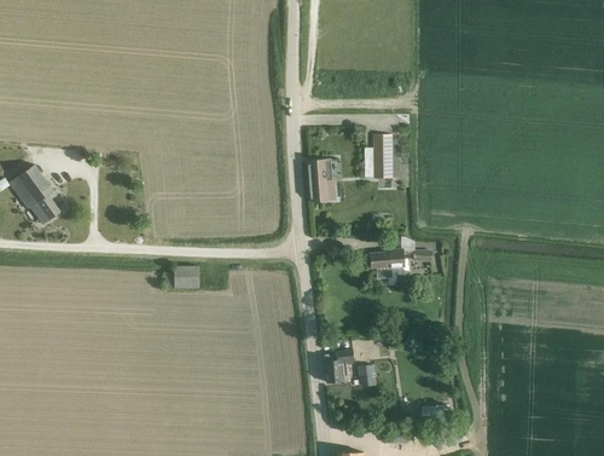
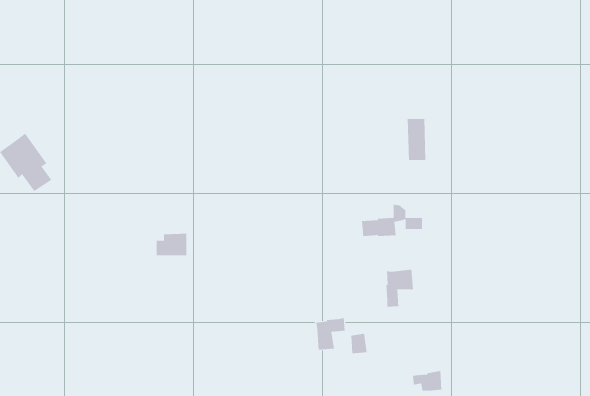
building: [373,135,393,178] -> [407,118,426,161]
building: [308,160,331,201] -> none
building: none -> [386,269,413,307]

